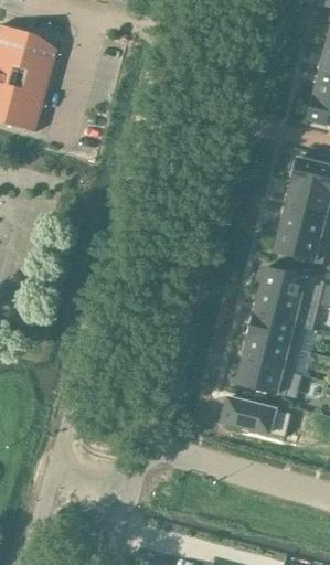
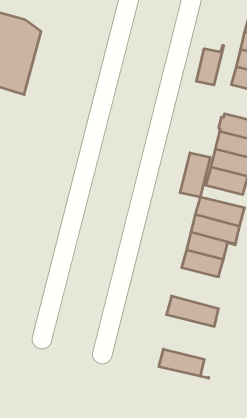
building: none -> [196,45,224,85]
building: none -> [180,153,210,197]
building: [236,359,290,395] -> none
building: none -> [159,349,209,378]

